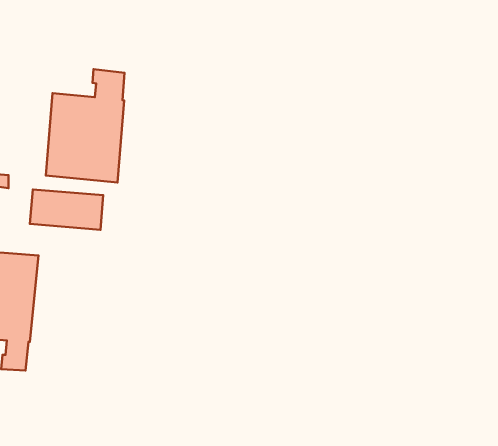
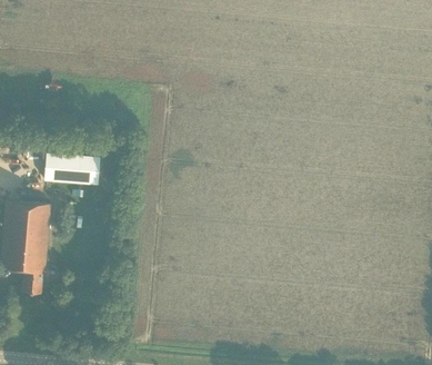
building: [46,69,125,182] -> none

